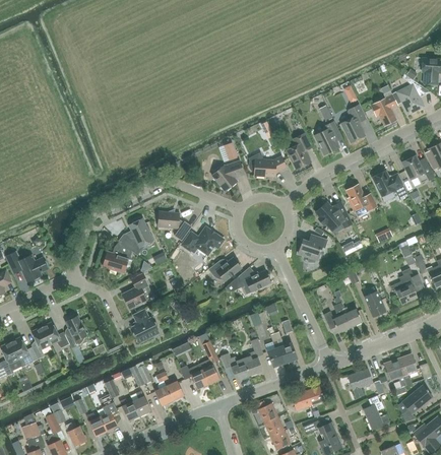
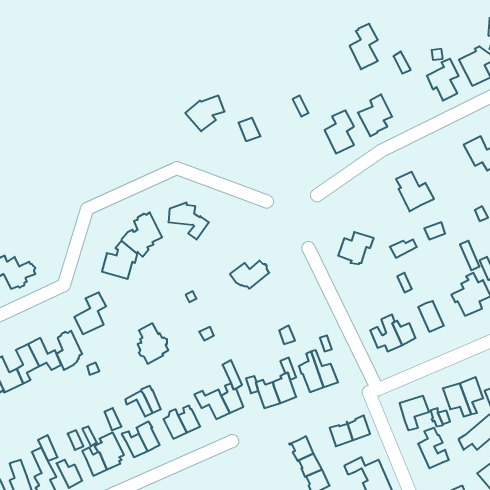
building: [341,106,365,143] -> [350,24,378,69]
building: [248,152,287,178] -> none
building: [211,161,244,191] -> [185,96,225,131]
building: [372,170,408,200] -> none
building: [315,202,352,231] -> none
building: [182,229,223,255] -> none
building: [226,267,270,291] -> none
building: [122,274,148,309] -> [74,292,106,334]

